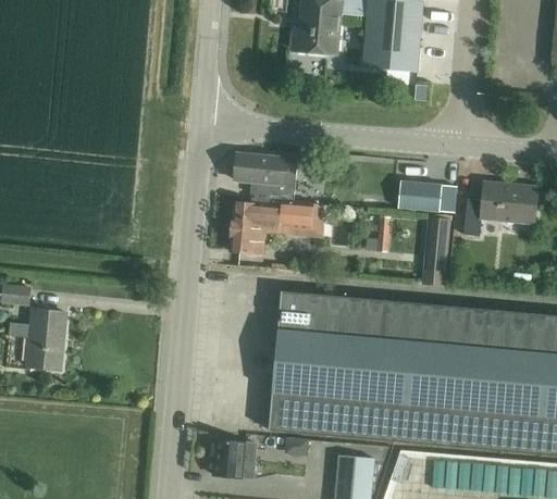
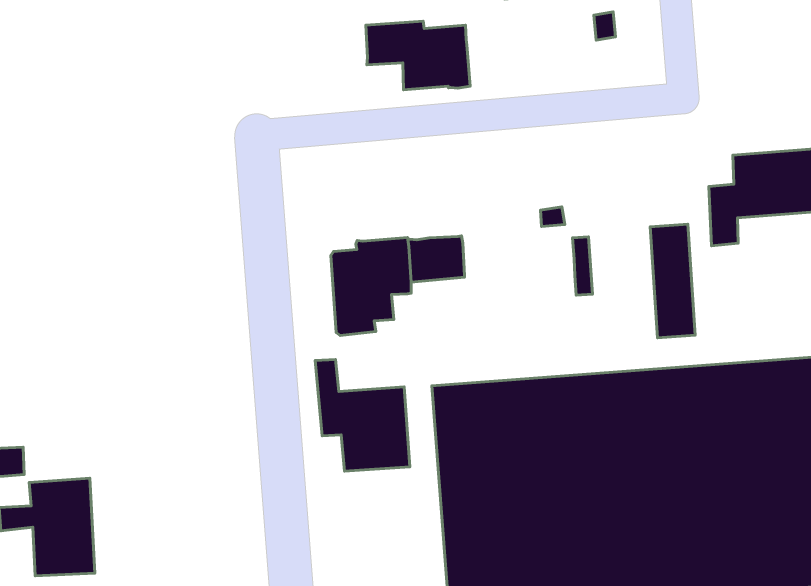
building: [234,154,297,201] -> [366,21,470,90]
building: [397,180,456,212] -> none
building: none -> [315,360,410,471]

